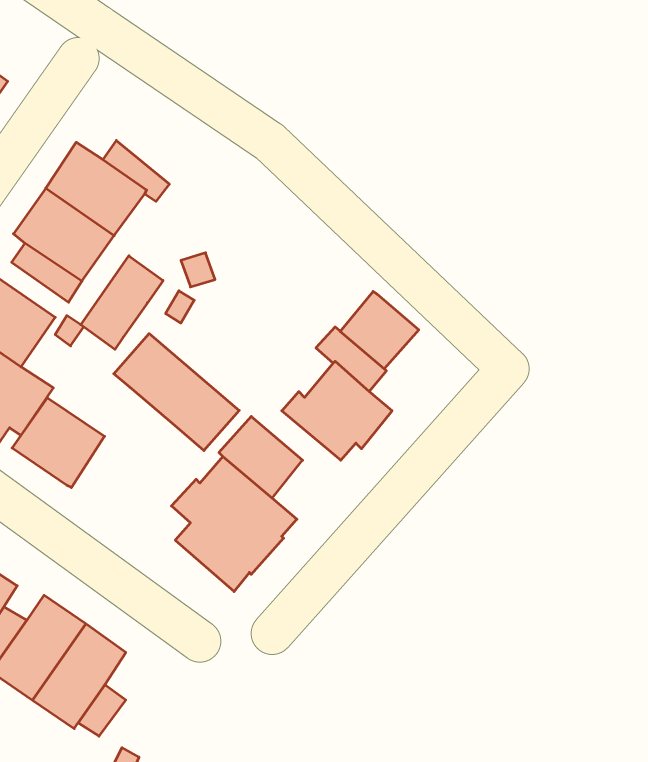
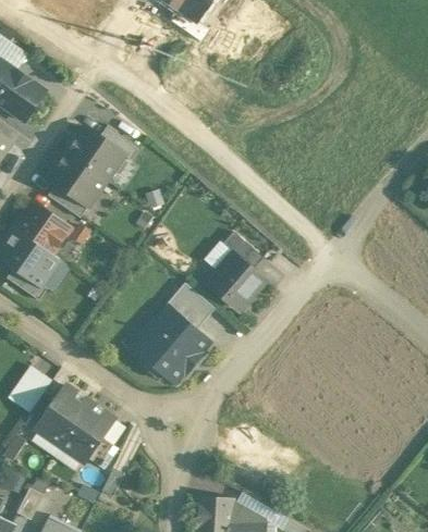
building: [81,256,163,349] -> none
building: [340,291,419,369] -> none
building: [114,334,239,451] -> none
building: [12,398,105,488] -> none

